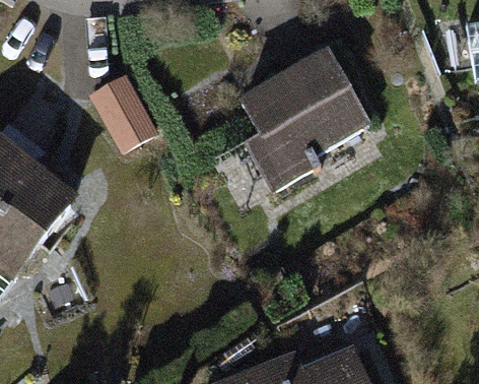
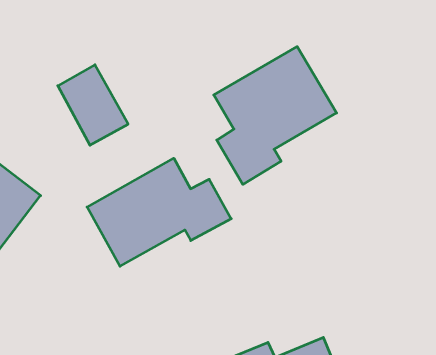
building: none -> [87,158,231,266]

